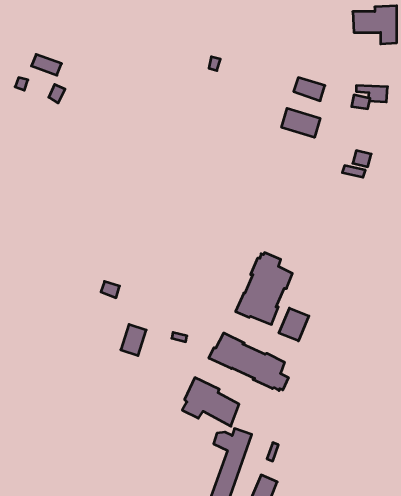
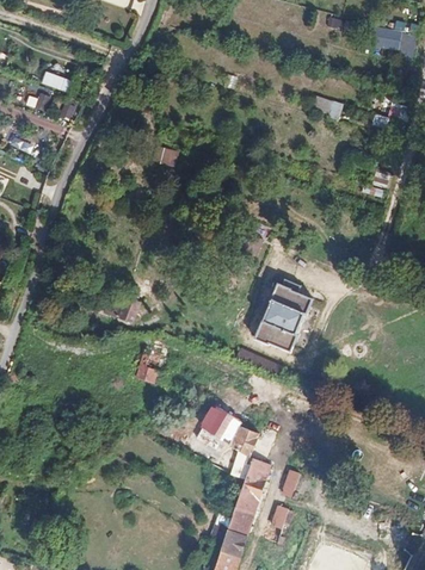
building: [282,108,320,137] -> none
building: [279,308,309,341] -> none
building: [209,333,288,391] -> none

